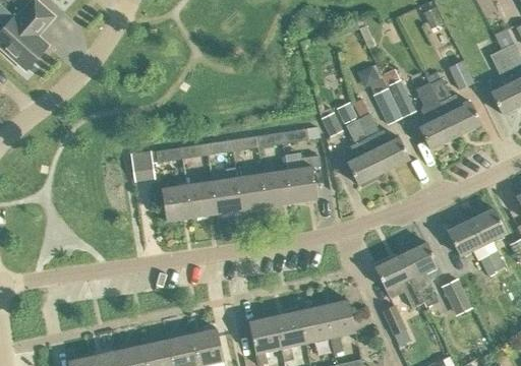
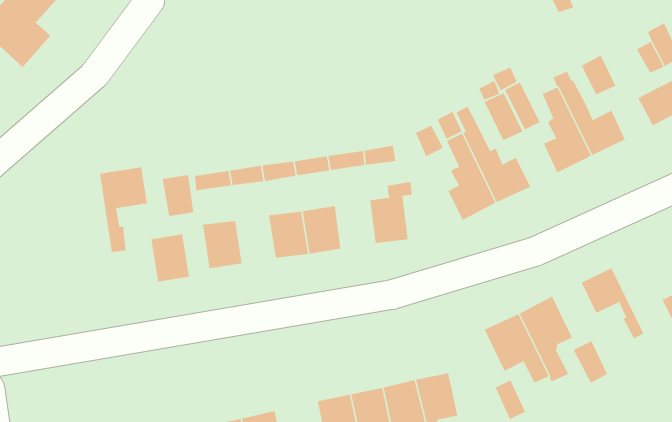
building: none -> [100,166,147,253]
building: [262,170,291,206] -> none
building: [186,181,216,218] -> [151,234,190,282]
building: [470,208,506,270] -> none

